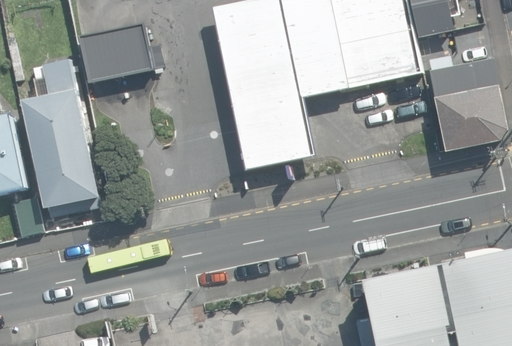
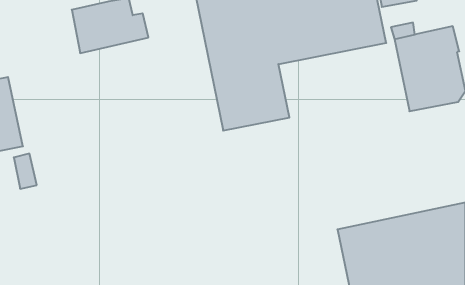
building: [23,59,99,208] -> none

